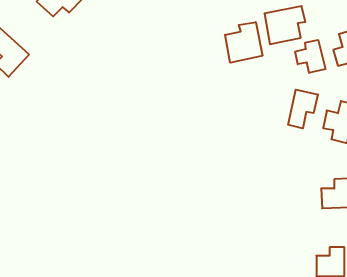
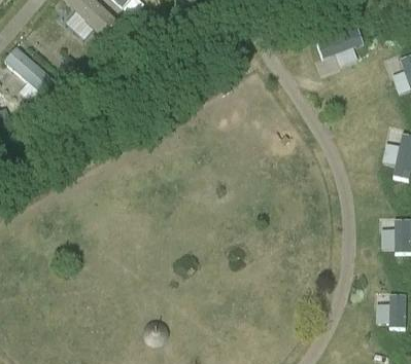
building: [225,22,262,63] -> none
building: [295,40,325,73] -> none
building: [288,90,318,128] -> none

